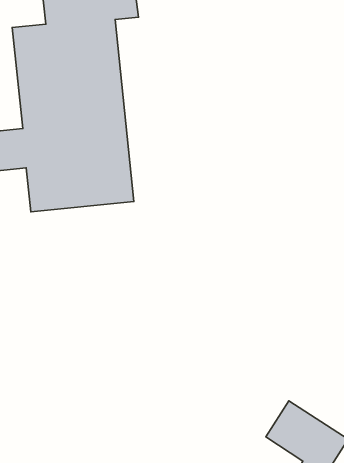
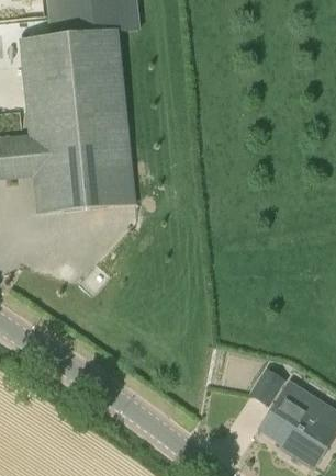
building: none -> [250,365,285,405]

